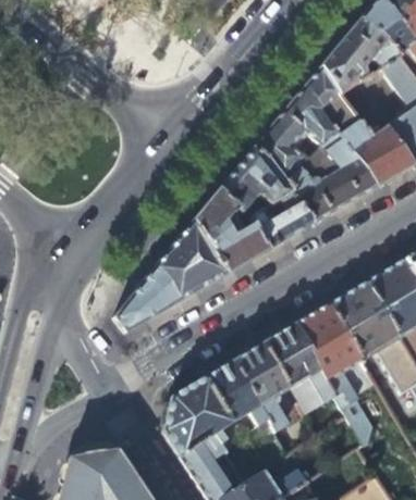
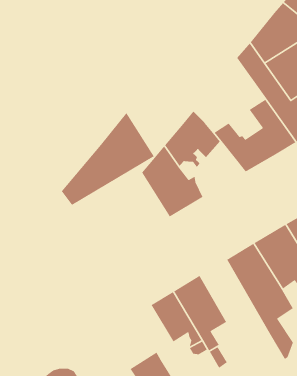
building: [256,84,342,173] -> none
building: [257,184,318,250] -> none
building: [115,221,228,333] -> [61,112,155,206]
building: [264,324,347,423] -> none
building: [164,378,237,454] -> none

